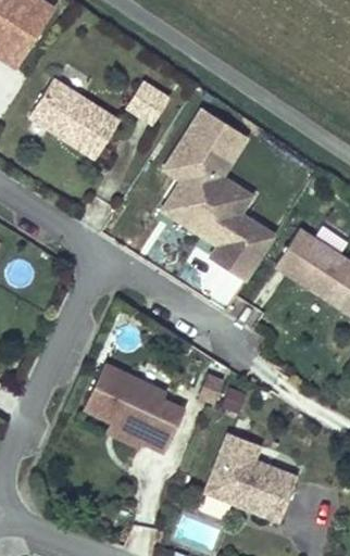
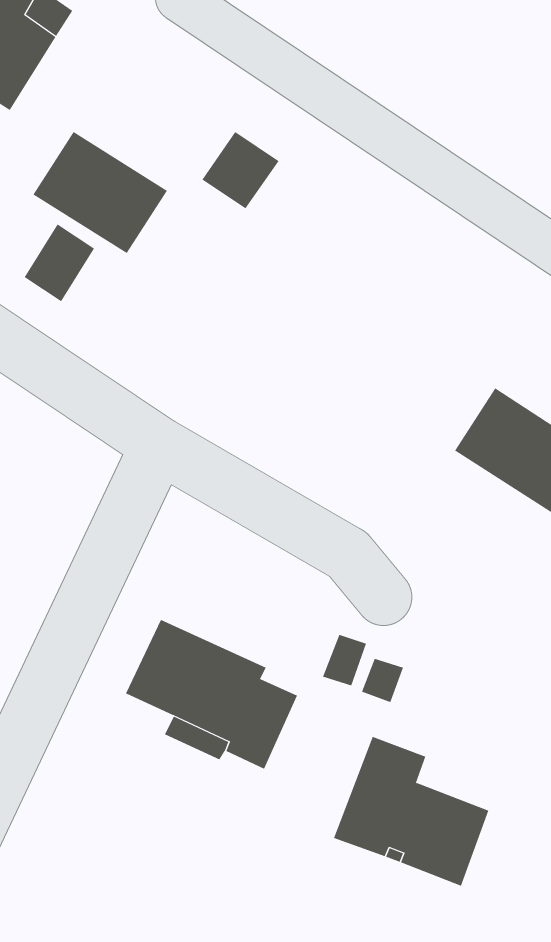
building: [163,110,275,279] -> none
building: none -> [24,224,95,302]

